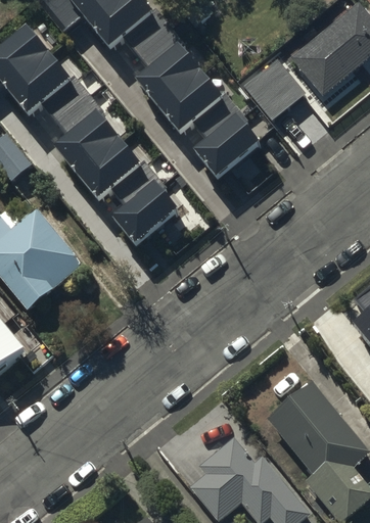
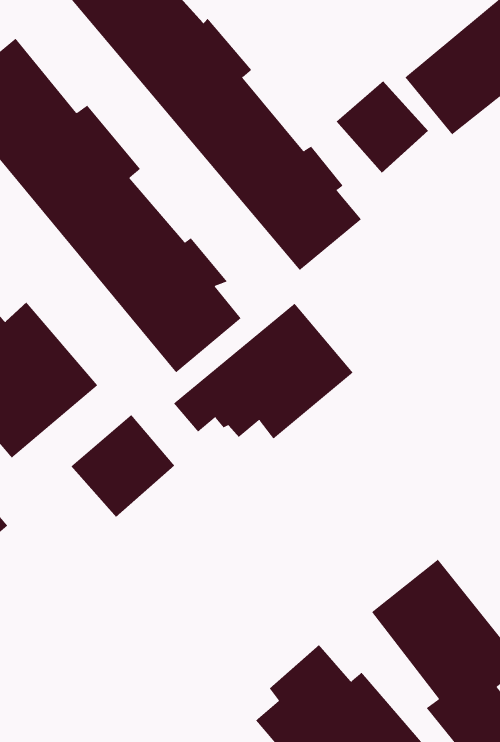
building: none -> [173,303,354,440]
building: none -> [71,414,175,518]

